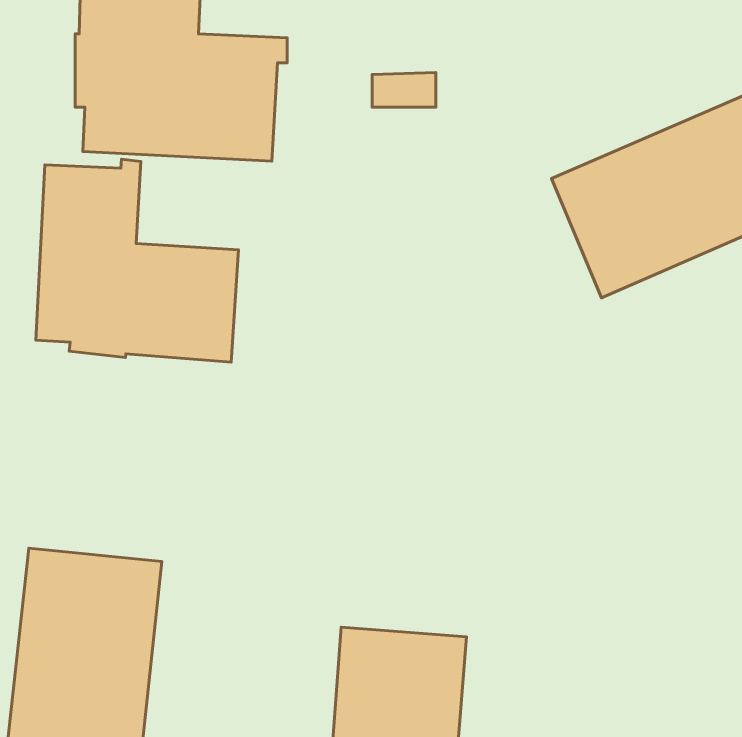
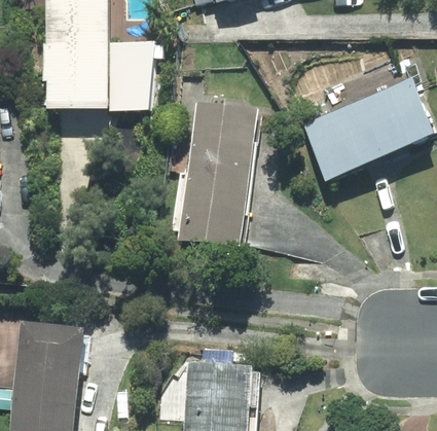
building: none -> [179,100,256,246]
building: [36,159,239,362] -> none

